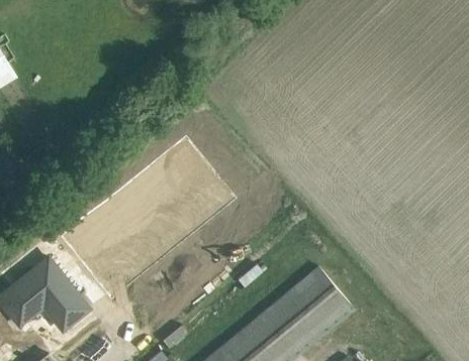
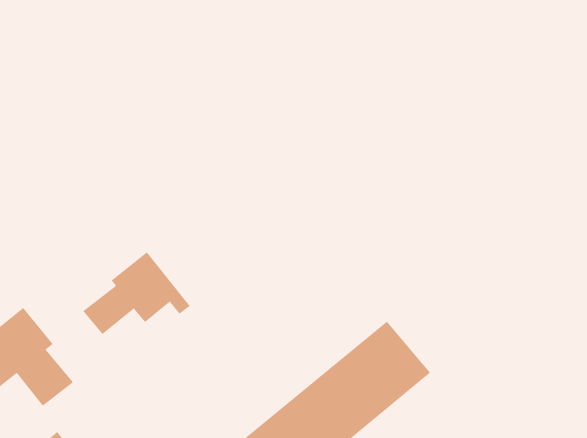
building: none -> [83,252,191,335]

